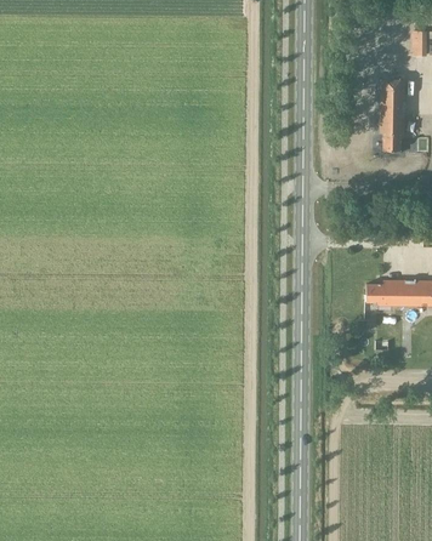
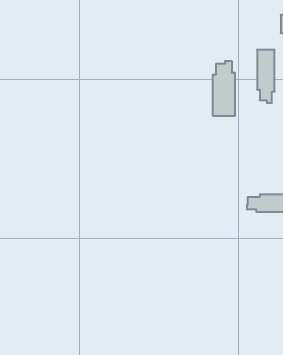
building: none -> [213,61,235,116]

